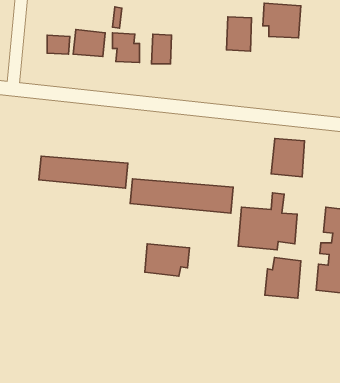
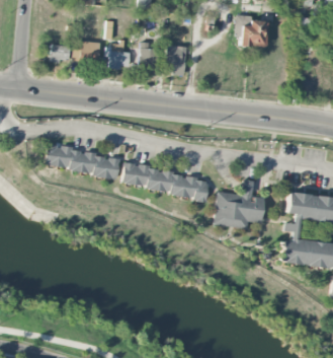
building: [227,17,252,51] -> [165,45,186,74]
building: [271,138,304,177] -> none
building: [145,244,190,276] -> none
building: [265,257,301,298] -> none

